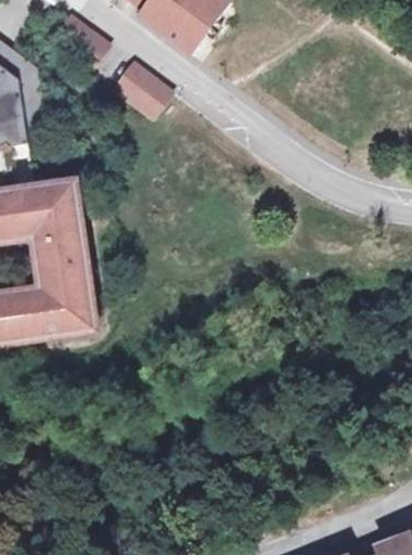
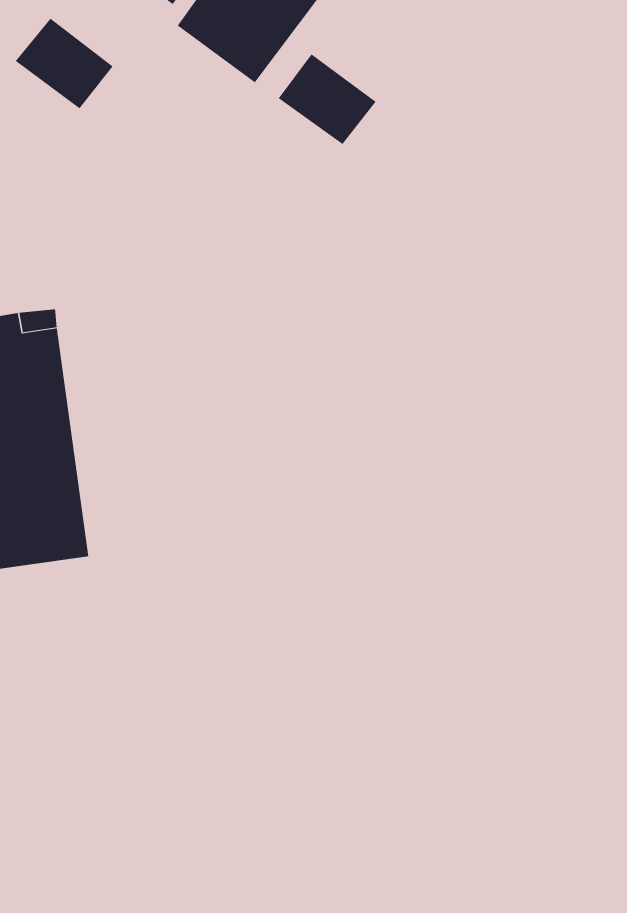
building: [114,61,171,114] -> [278,53,377,145]

